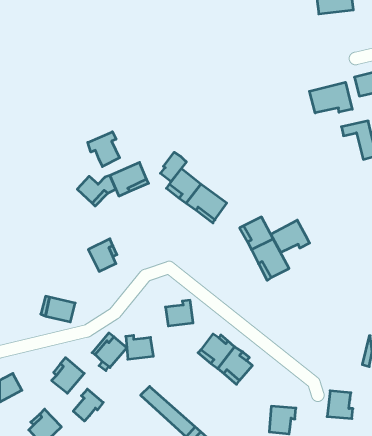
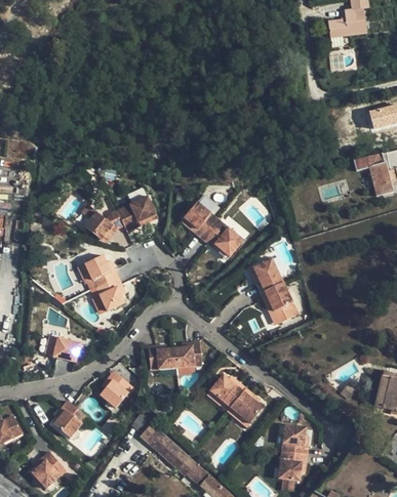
building: [309,82,352,113] -> none
building: [88,132,120,167] -> none
building: [160,152,186,182] -> none
building: none -> [81,254,115,287]
building: [271,220,310,253] -> none
building: [126,335,153,359] -> [147,344,175,369]
building: [73,389,103,421] -> none
building: [327,391,353,419] -> [282,422,309,451]

